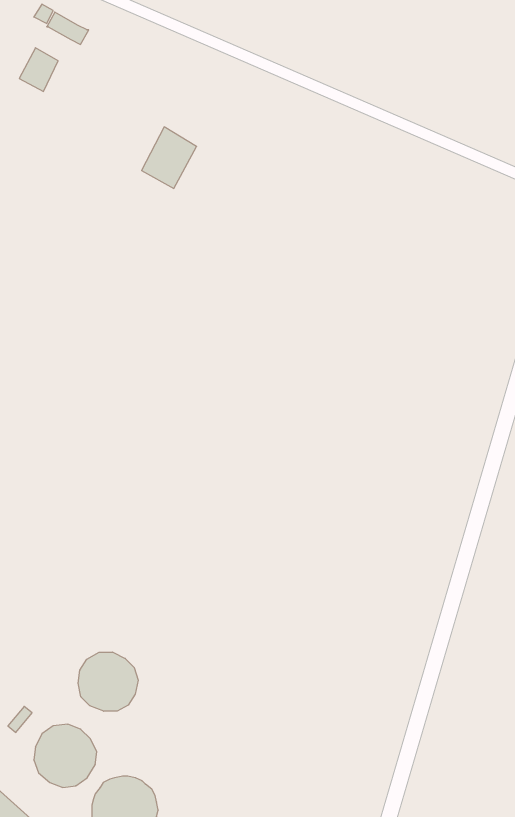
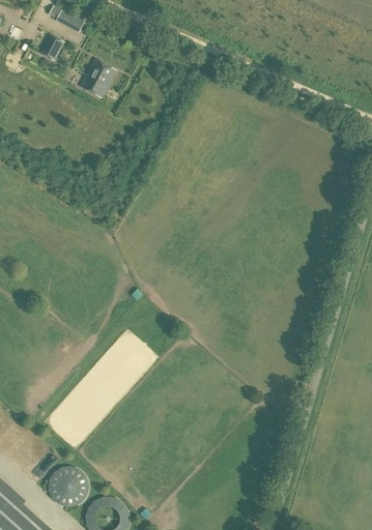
building: [142,127,197,188] -> [81,58,116,97]
building: [78,652,138,711] -> none

